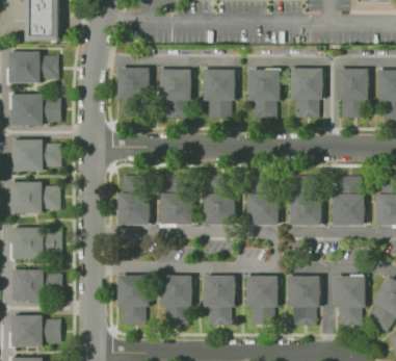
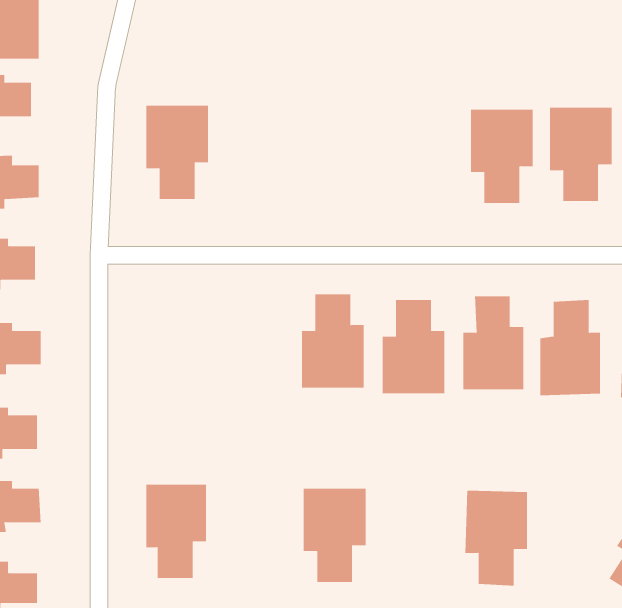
building: [159,69,193,120] -> none
building: [248,69,283,120] -> none
building: [204,70,237,121] -> none
building: [116,169,151,220] -> none
building: [159,169,193,221] -> none
building: [159,273,193,324] -> none
building: [246,275,281,326] -> none
building: [334,276,368,327] -> none

